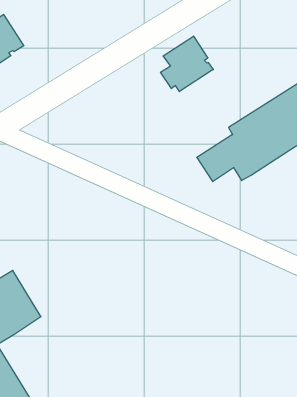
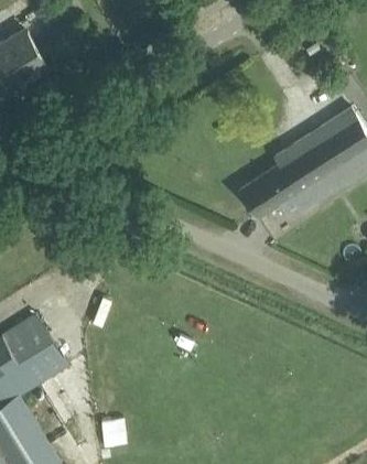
building: [161,36,213,92] -> none

